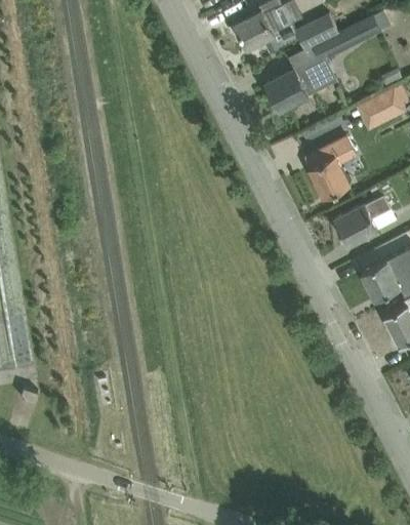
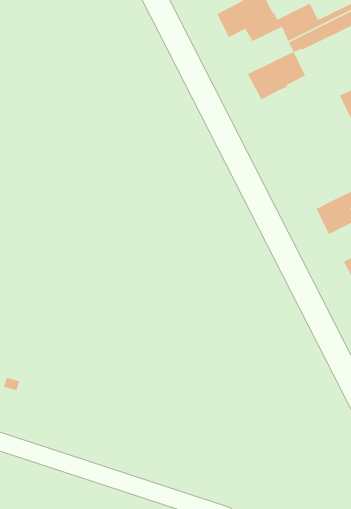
building: [304,137,356,199] -> none

